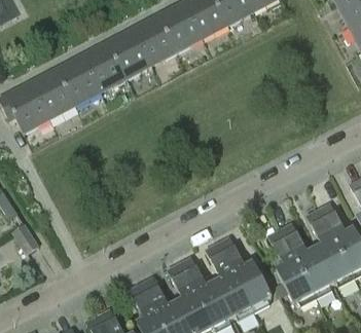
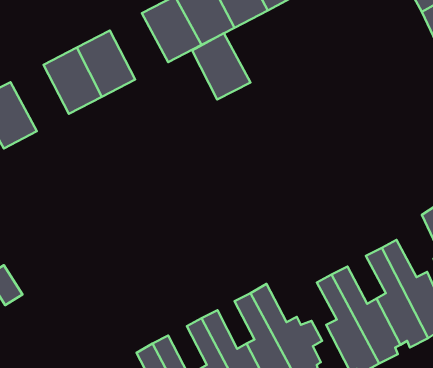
building: [107,26,152,77] -> [192,33,250,100]
building: [30,66,75,117] -> none

